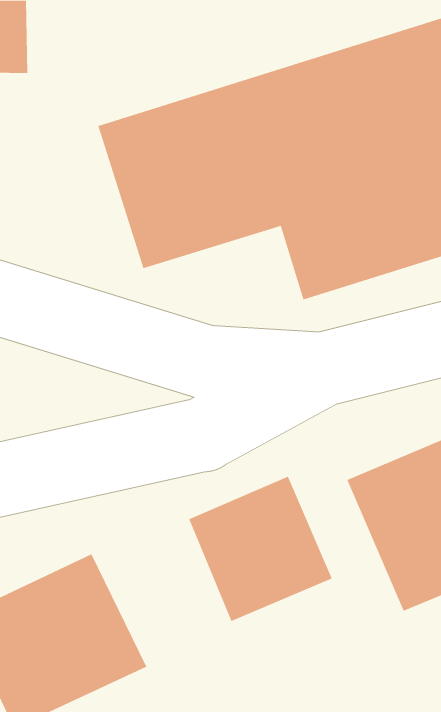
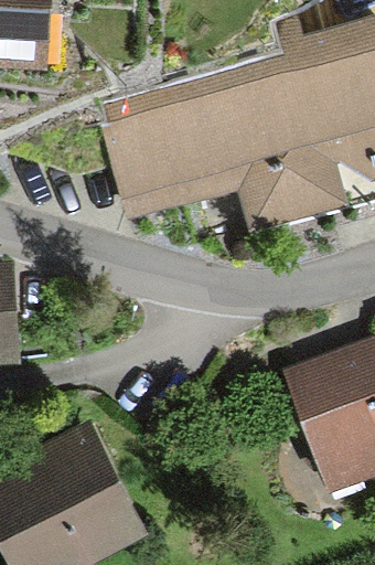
building: [188,476,333,622] -> none

